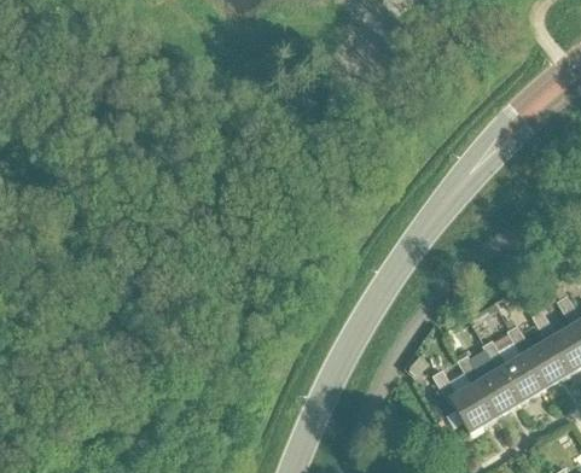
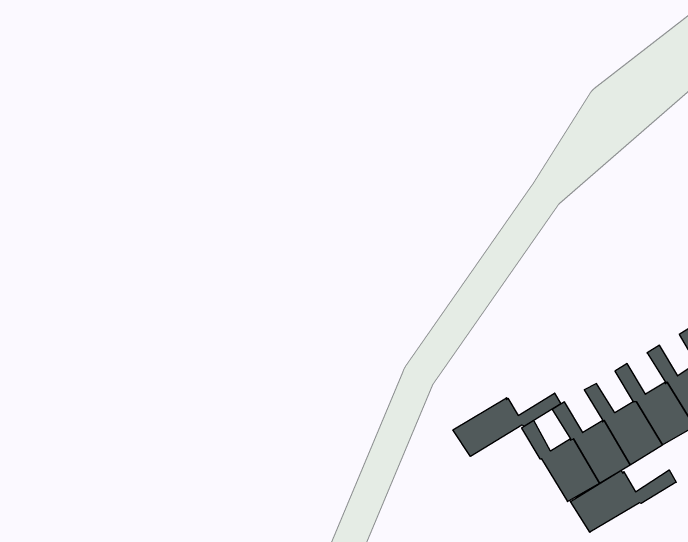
building: none -> [453,393,561,456]
building: none -> [570,470,676,532]

